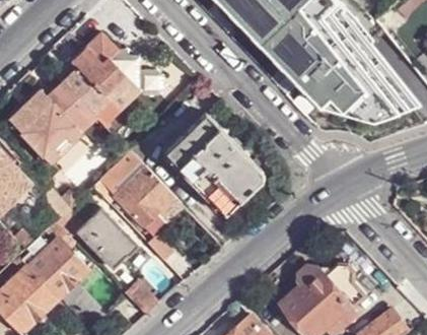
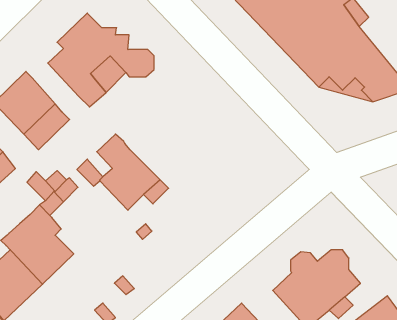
building: [40,77,91,130] -> none
building: [162,113,261,215] -> none
building: [73,206,137,269] -> none

